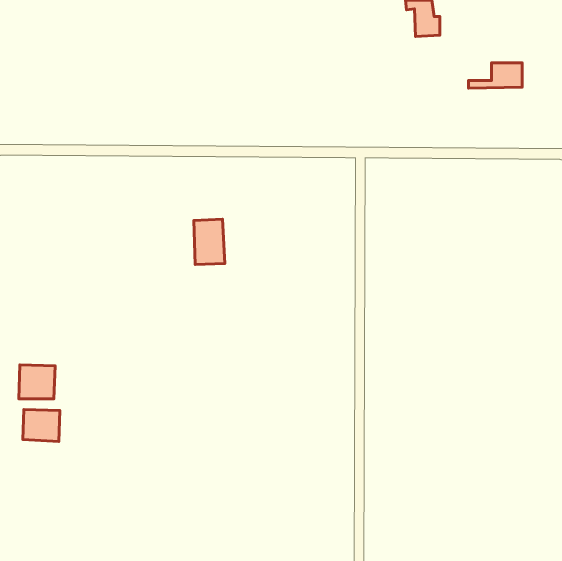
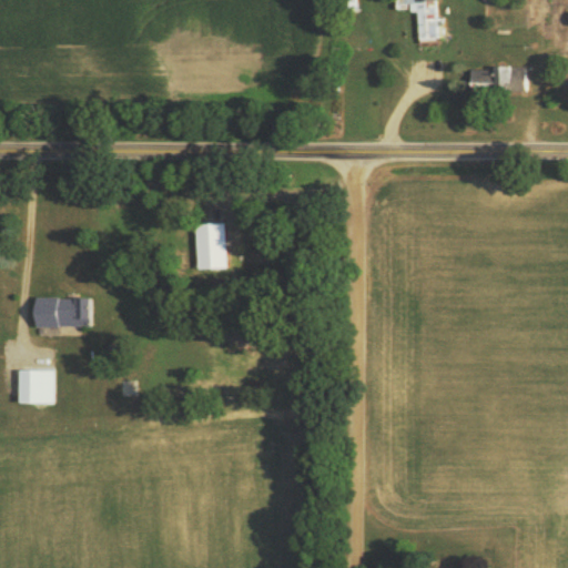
building: none -> [34,297,90,327]
building: [23,409,60,441] -> none

